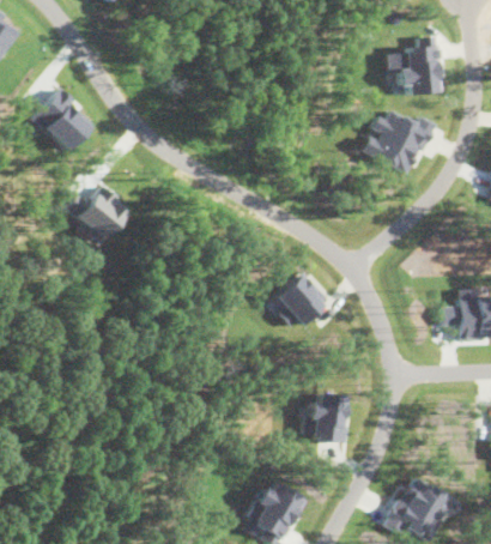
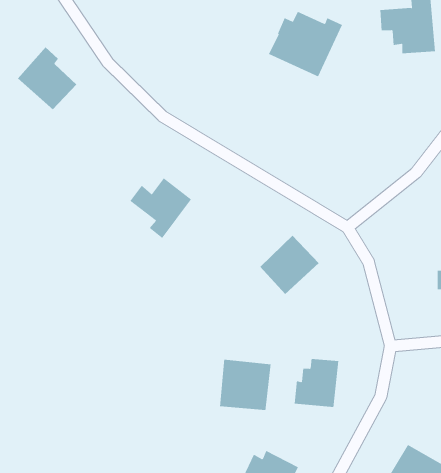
building: [363,110,436,175] -> [268,11,343,77]
building: [67,187,128,247] -> [129,178,192,239]
building: none -> [220,359,271,411]

